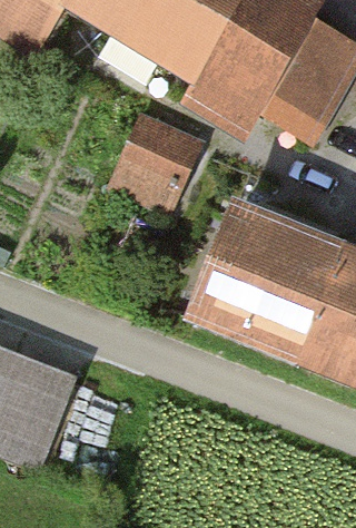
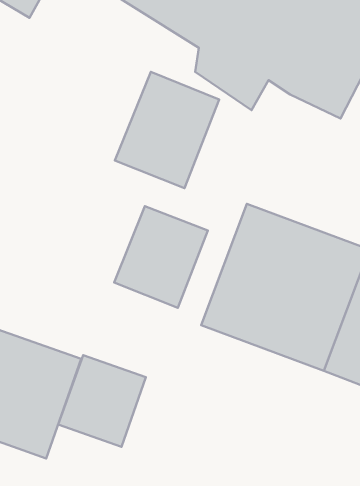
building: none -> [114,206,208,308]
building: none -> [58,355,146,447]

